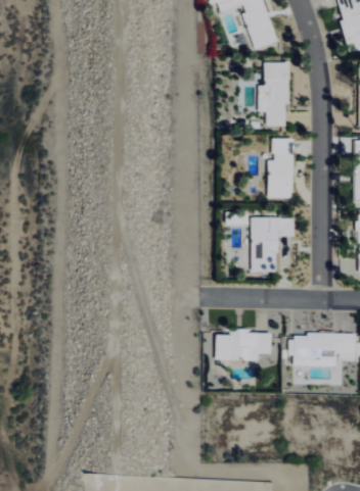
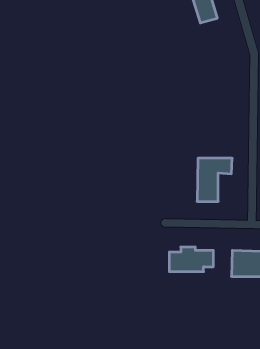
building: [259,62,288,127] -> none
building: [268,139,294,199] -> none

